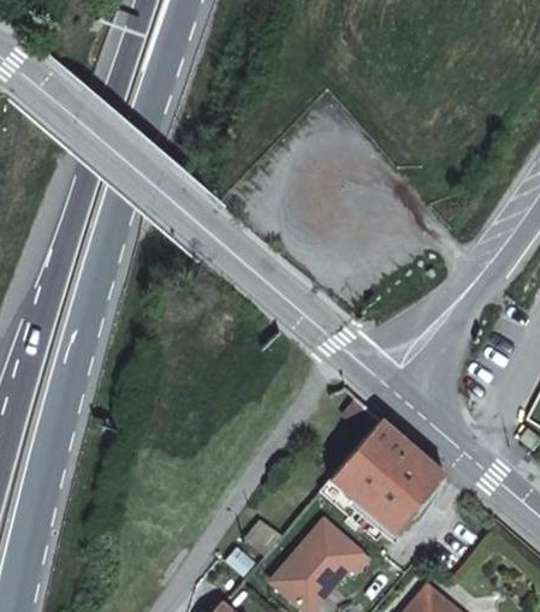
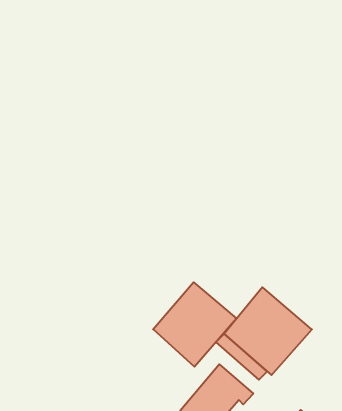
building: none -> [153,282,237,367]

